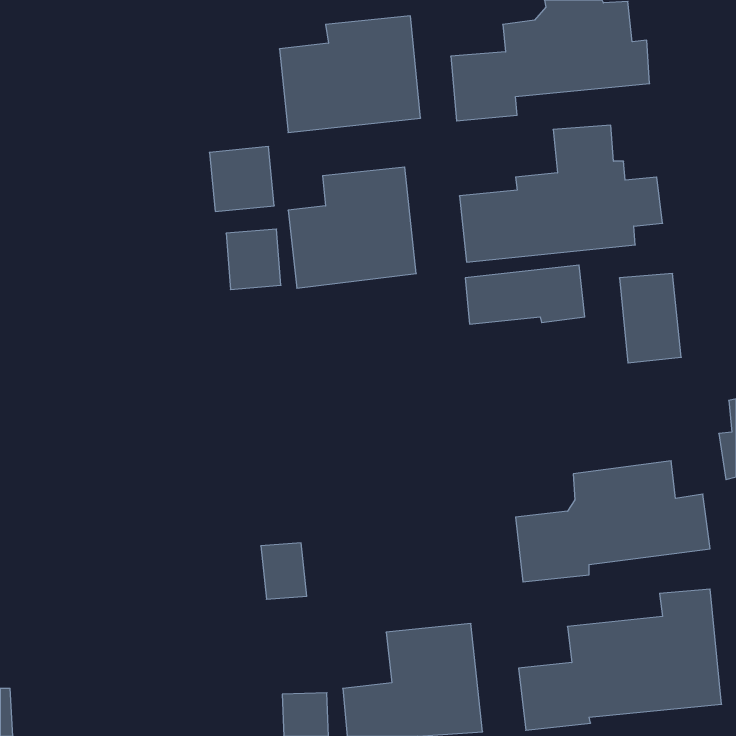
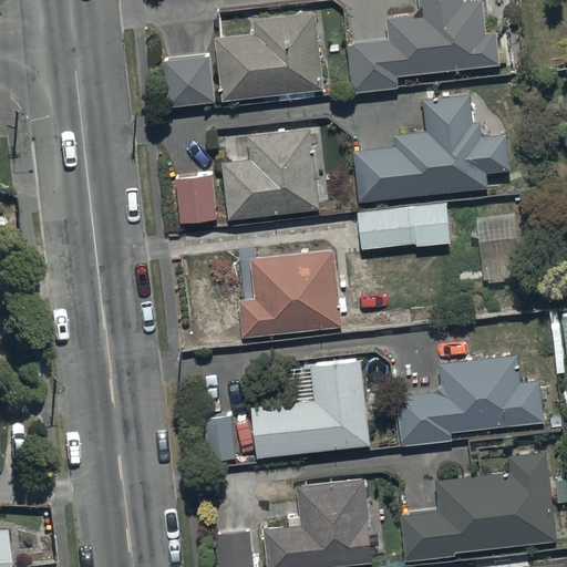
building: [209,147,274,211] -> [165,56,215,106]
building: none -> [237,250,343,339]
building: none -> [251,360,370,460]

